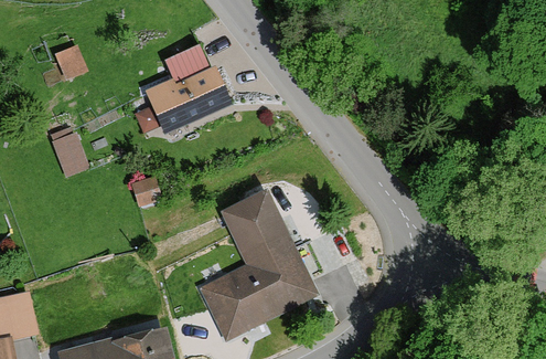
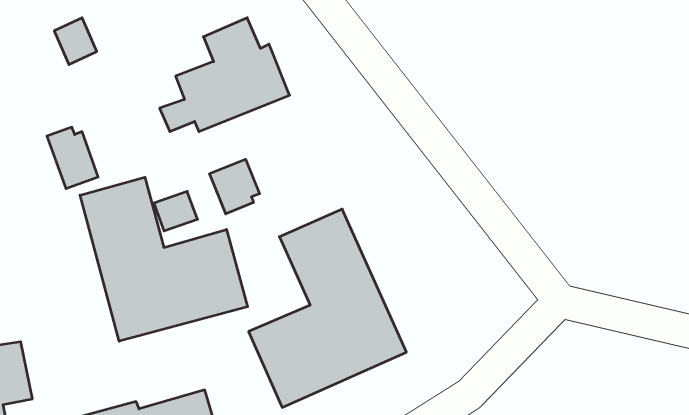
building: none -> [210,159,260,214]
building: none -> [80,177,248,341]

